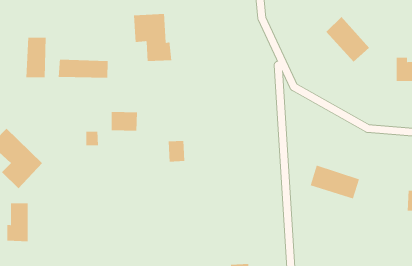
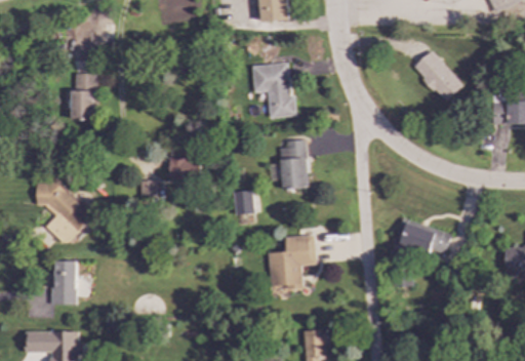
building: [133,13,172,61] -> [252,63,296,117]
building: [58,59,108,79] -> none
building: none -> [281,139,308,188]
building: none -> [269,235,316,288]

